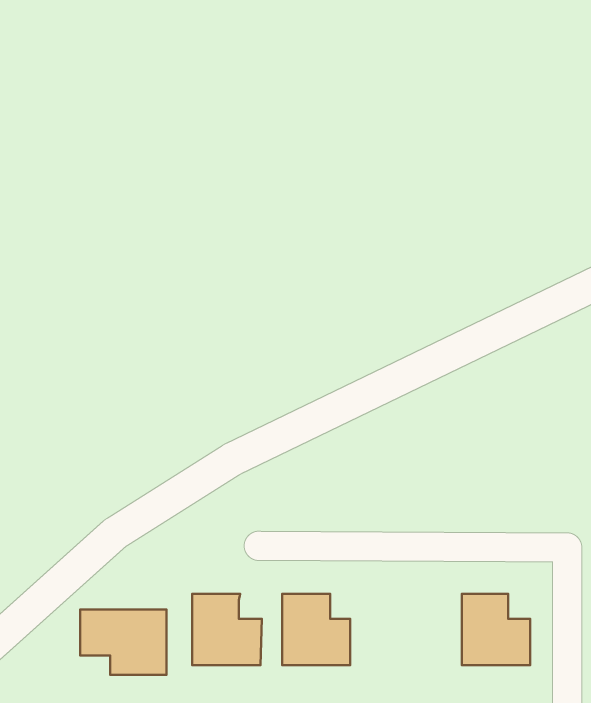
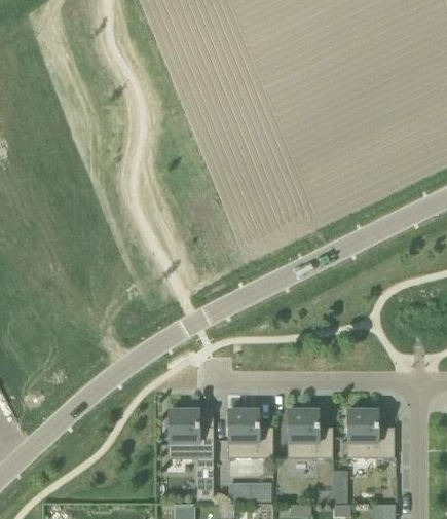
building: none -> [287,408,332,455]
building: [80,610,166,675] -> none

